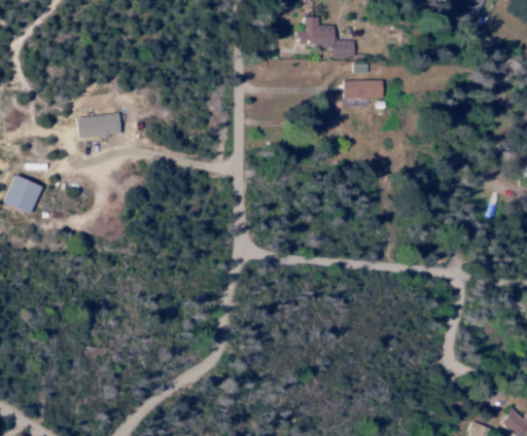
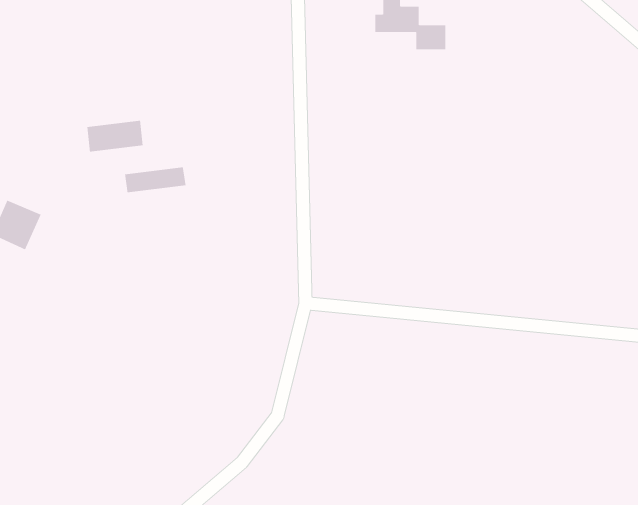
building: [344,80,383,98] -> none
building: none -> [125,167,186,193]

